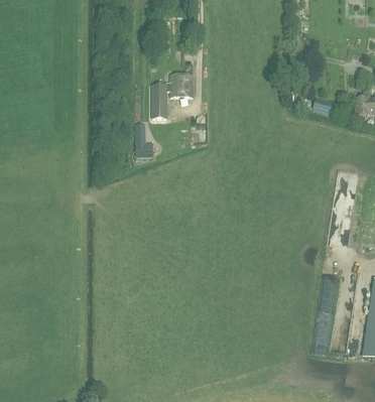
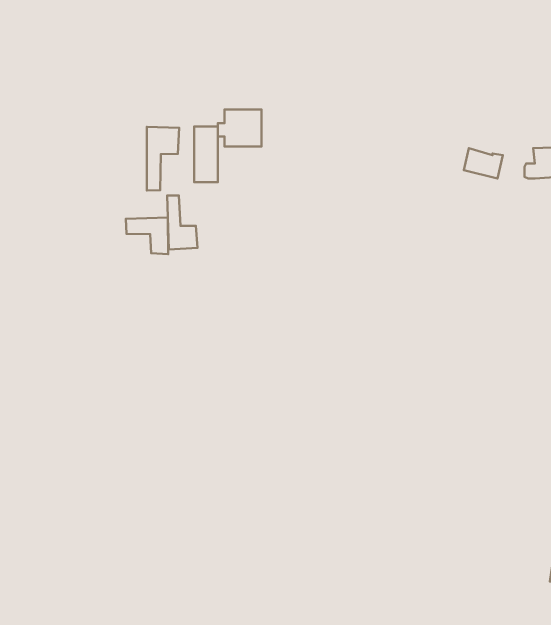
building: none -> [147,127,179,190]
building: none -> [126,218,168,254]

